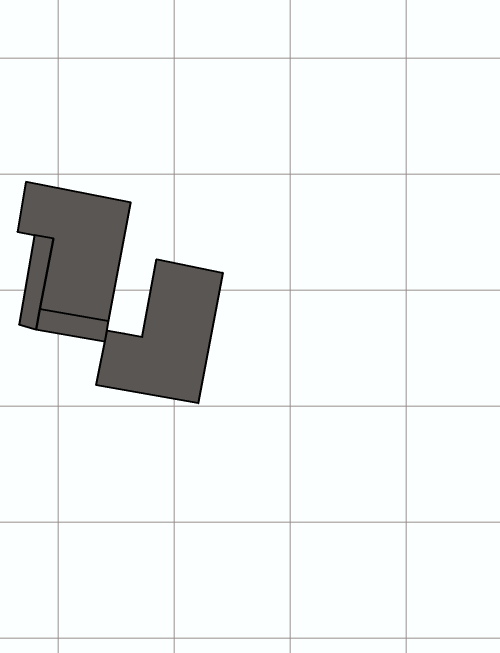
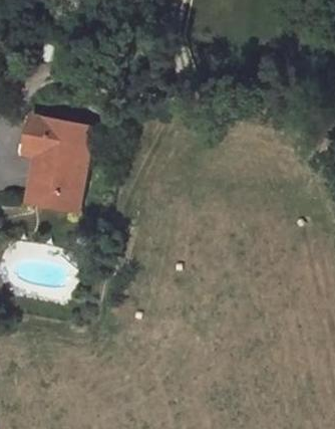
building: [96,259,223,403] -> none

